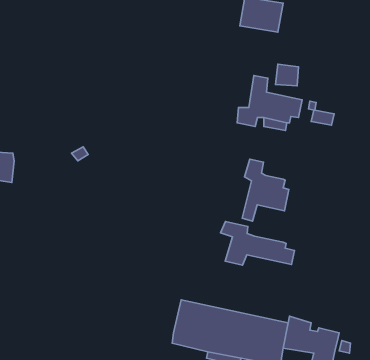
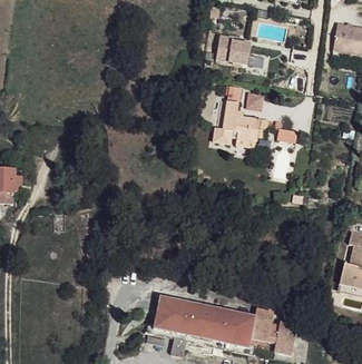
building: [242,159,289,221] -> none
building: [221,222,295,265] -> none

